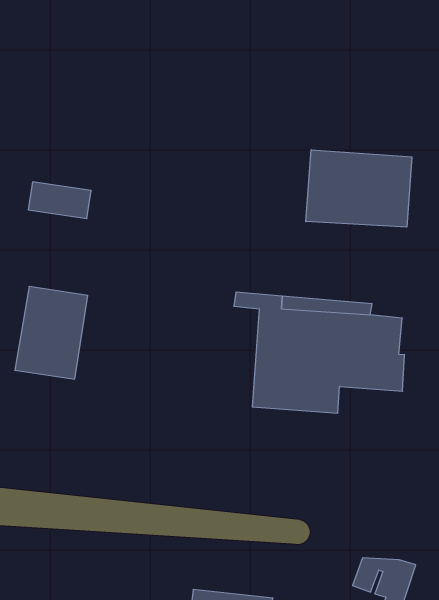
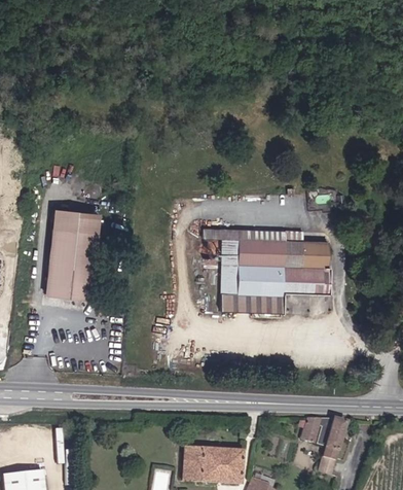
building: [306,150,412,227] -> none
building: [28,182,91,219] -> [53,212,99,237]

